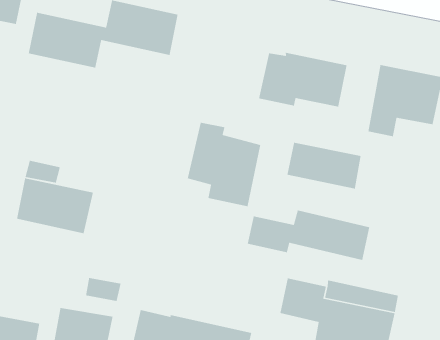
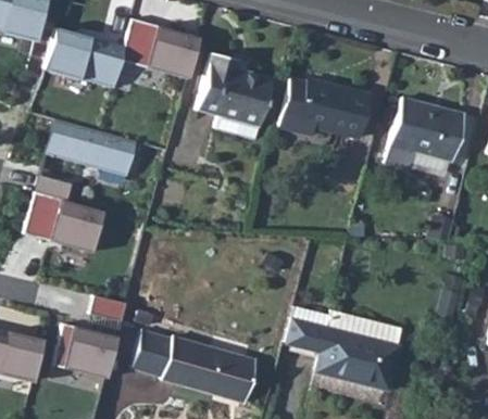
building: none -> [48,118,139,176]
building: [187,122,261,207] -> [193,54,270,142]
building: [286,142,362,190] -> none
building: [247,210,370,261] -> none

